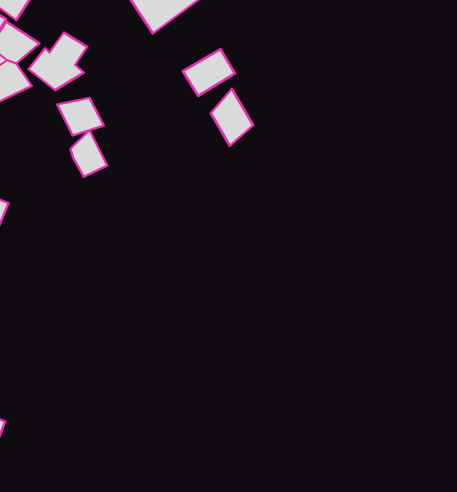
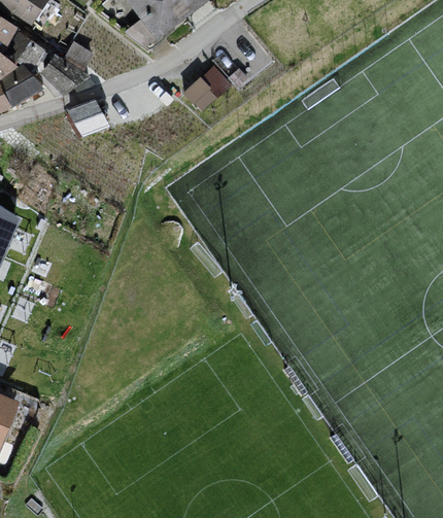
building: [211,89,253,146] -> none
building: [71,130,107,177] -> none

